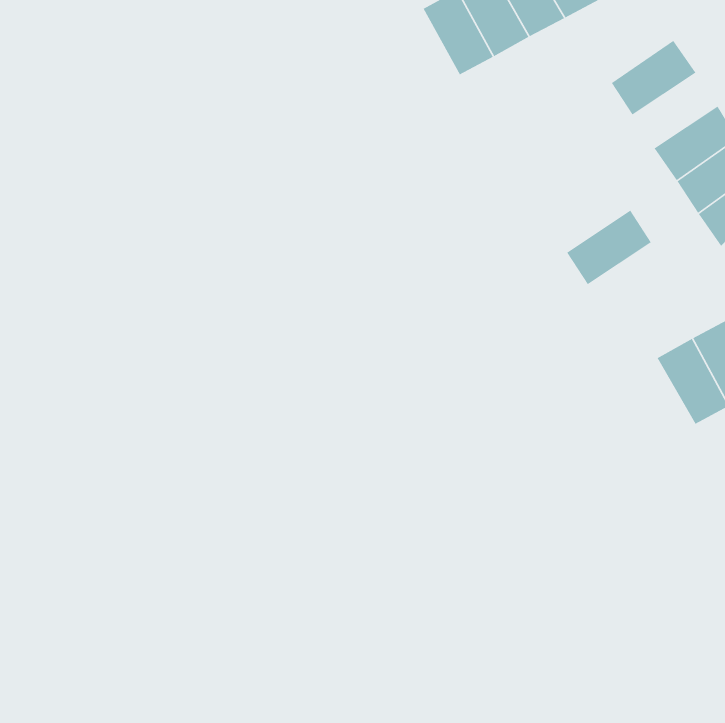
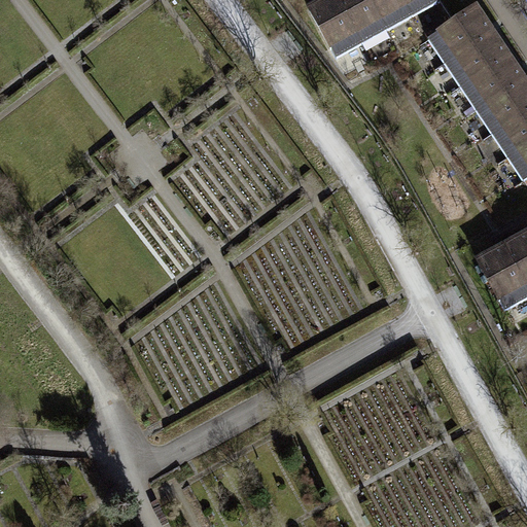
building: none -> [427,5,489,60]
building: [566,210,652,285] -> [459,52,521,107]

